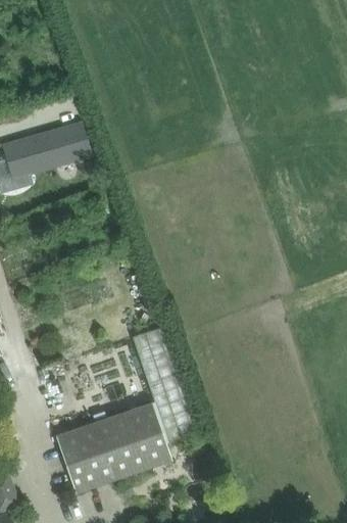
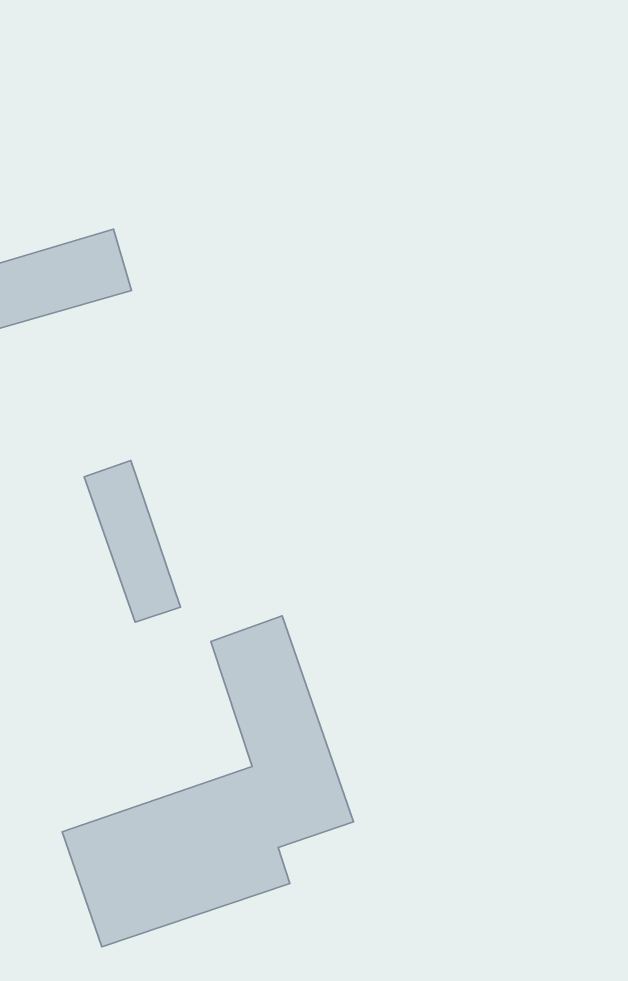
building: none -> [84,461,180,622]

